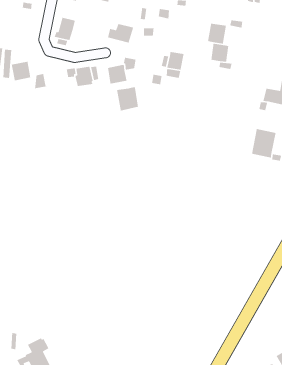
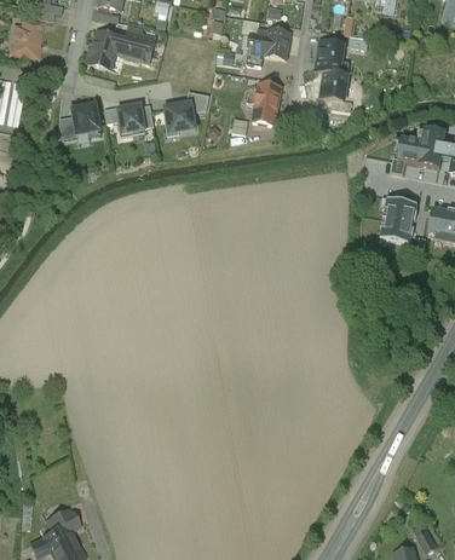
building: none -> [11,19,41,56]
building: none -> [248,28,289,58]
building: [107,23,134,43] -> [115,30,155,60]
building: [11,61,31,81] -> [70,103,100,133]
building: [116,86,139,111] -> none

